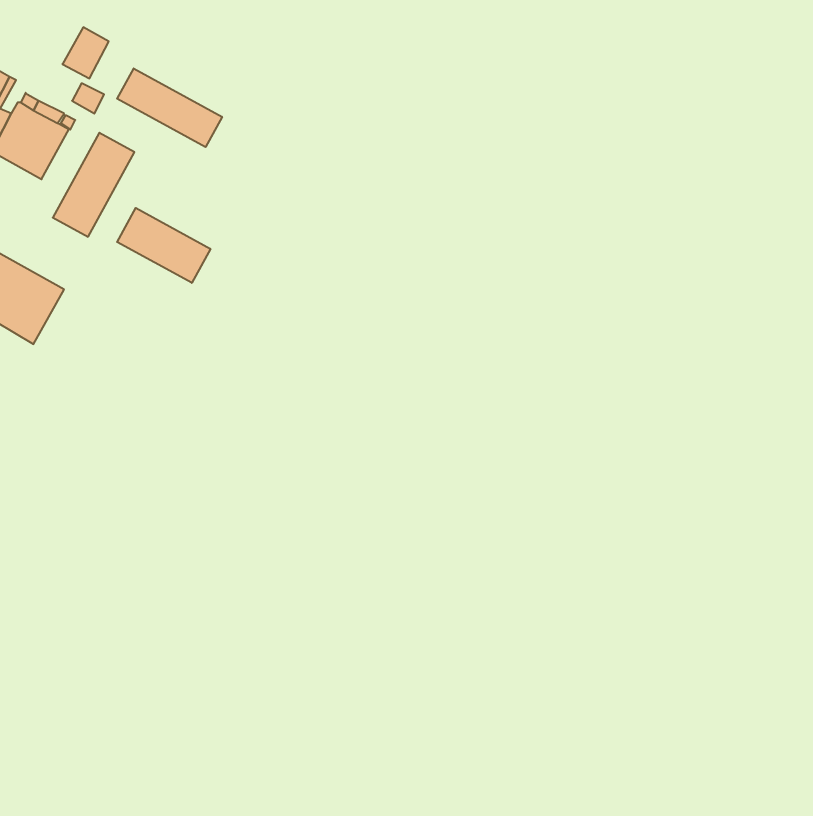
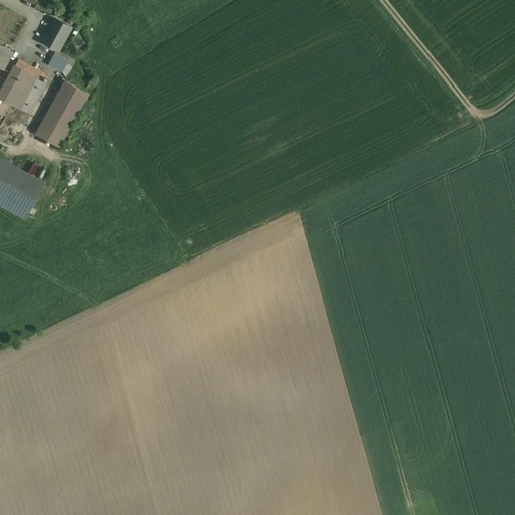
building: [117,68,222,147] -> none
building: [117,208,210,283] -> none

